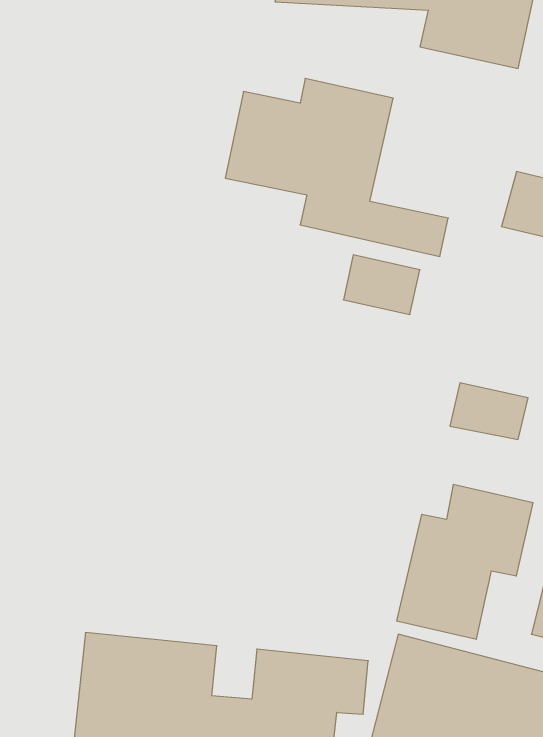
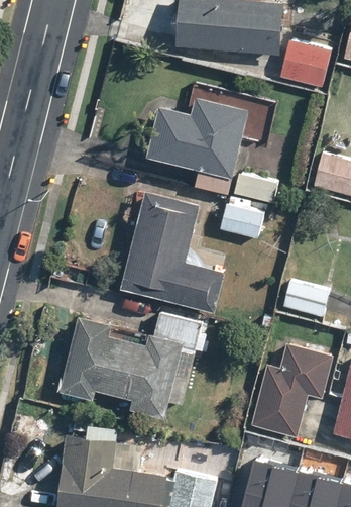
building: none -> [121,191,224,312]
building: none -> [60,310,203,420]

